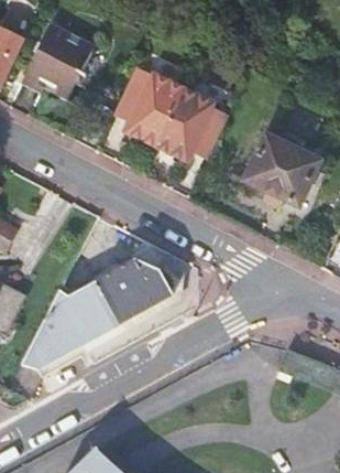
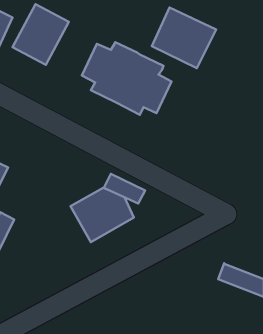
building: [242,135,322,211] -> [152,8,216,68]
building: [22,277,121,368] -> none

